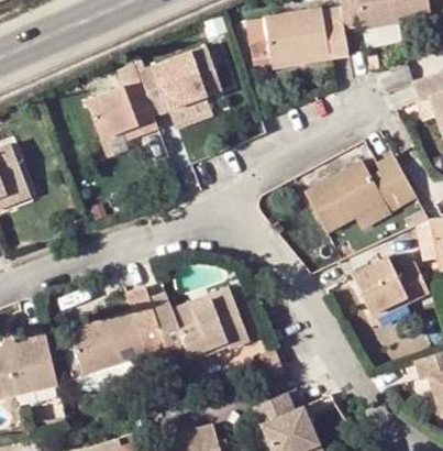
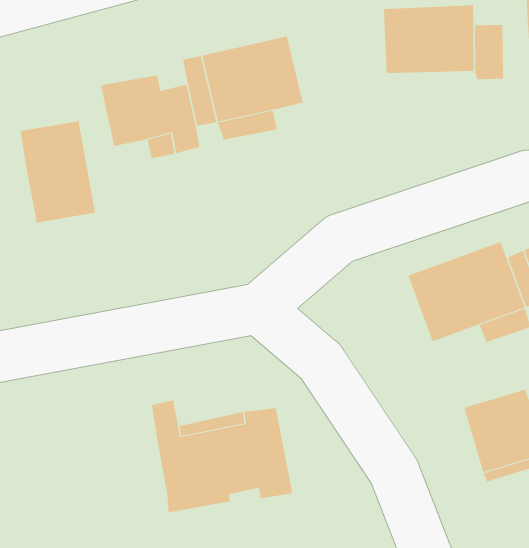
building: none -> [20,120,96,223]
building: [73,287,168,373] -> none

